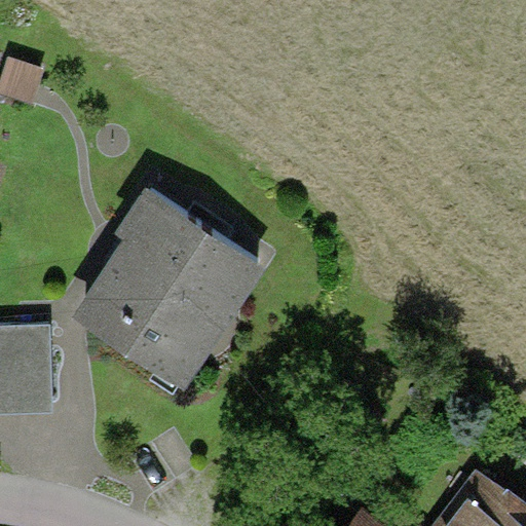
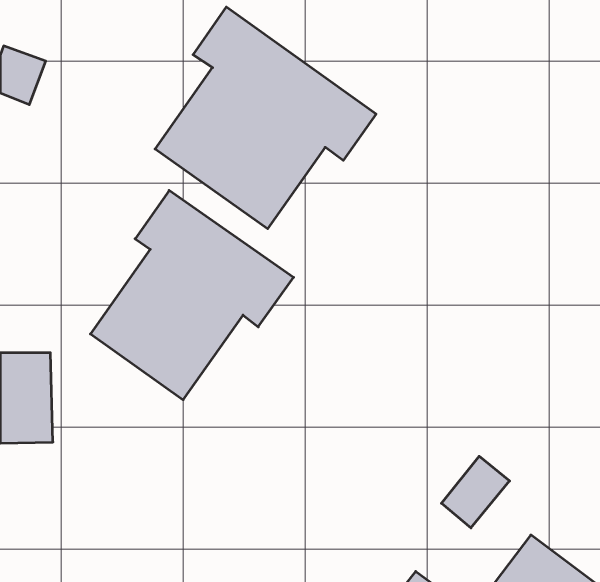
building: none -> [155,7,376,229]

